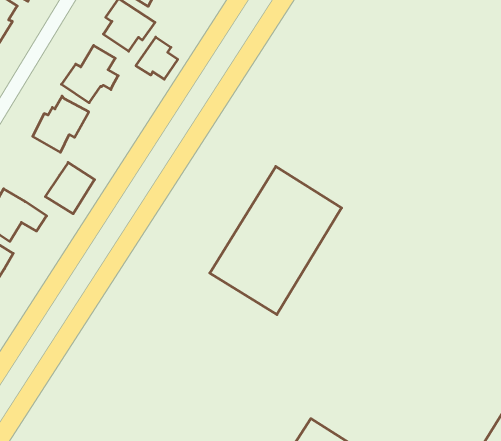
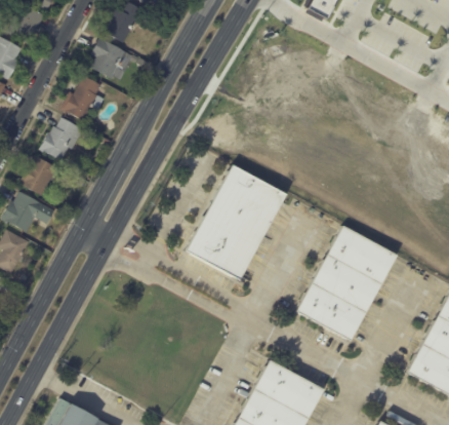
building: [136,37,178,79] -> none
building: [45,162,95,214] -> [21,156,58,196]
building: none -> [296,225,396,340]

